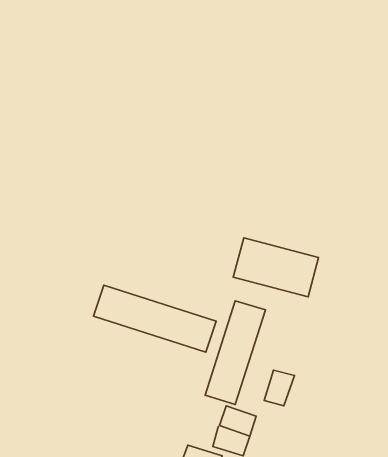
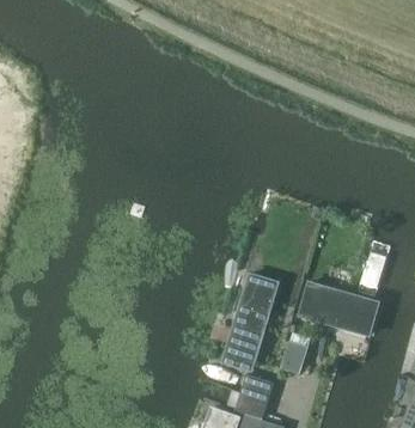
building: [233,238,319,297] -> [300,285,378,338]
building: [94,285,216,352] -> none

